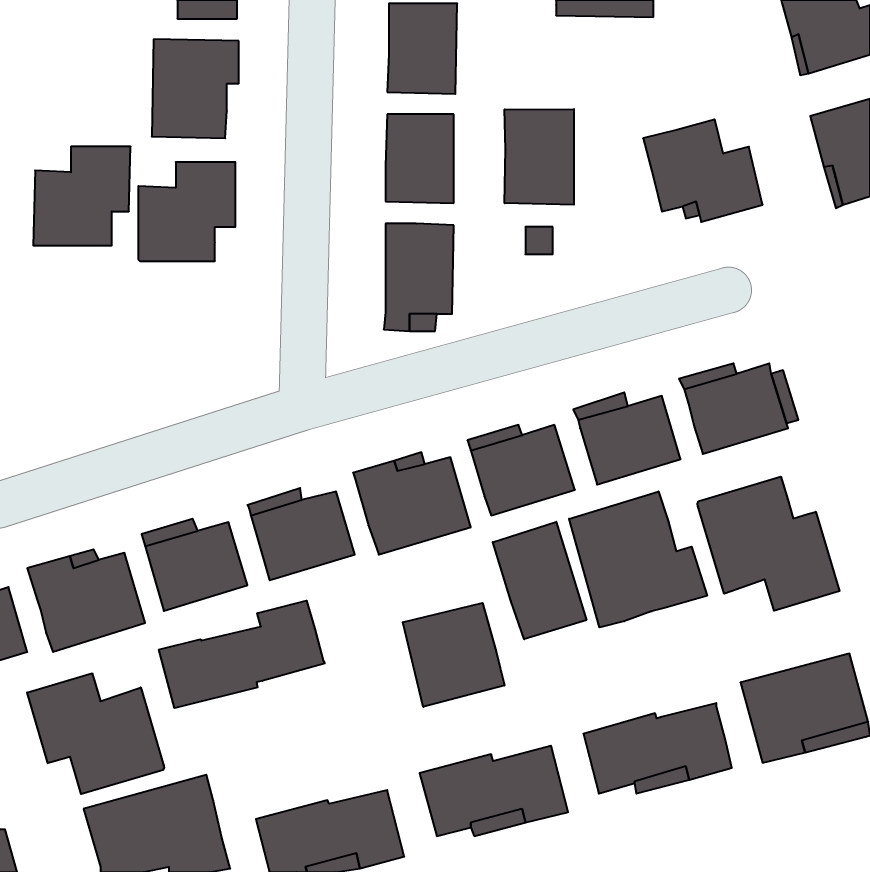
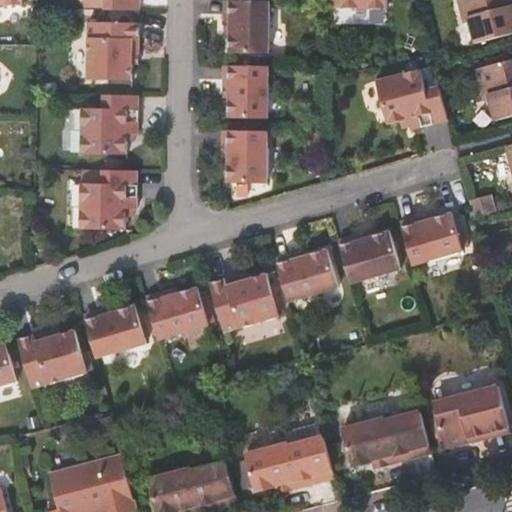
building: [505,109,574,205] -> none
building: [33,147,131,246] -> [80,170,137,228]
building: [697,477,840,611] -> none
building: [569,491,707,627] -> none
building: [493,522,586,639] -> none
building: [159,601,325,708] -> none
building: [403,603,504,707] -> none
building: [27,673,164,794] -> none

